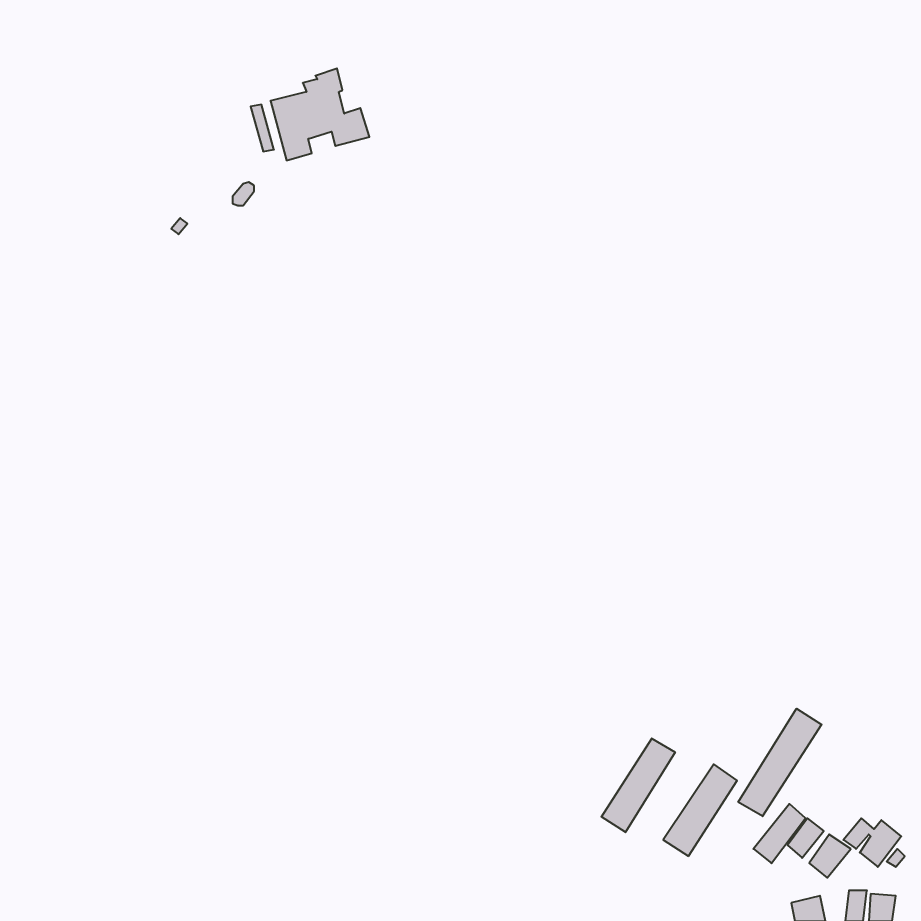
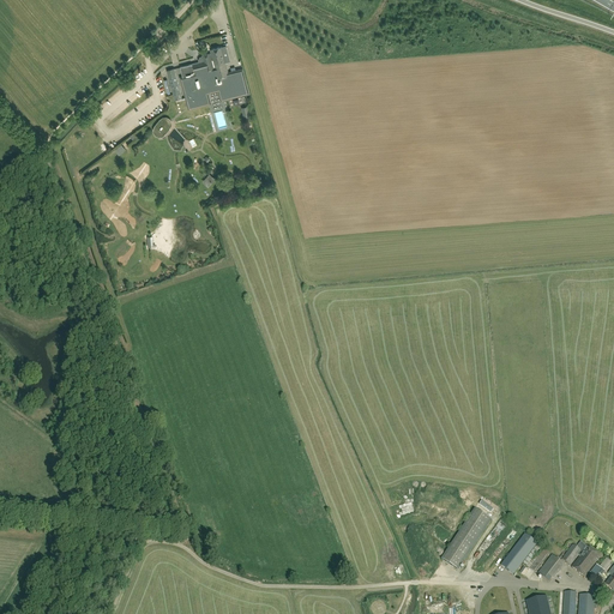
building: [738,709,822,816] -> none
building: [601,738,675,832] -> none

